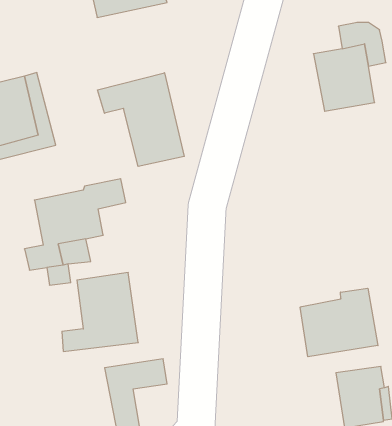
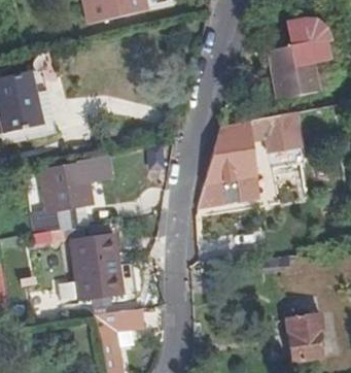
building: [98,73,184,166] -> none
building: none -> [199,109,312,203]
building: [300,288,378,357] -> none

